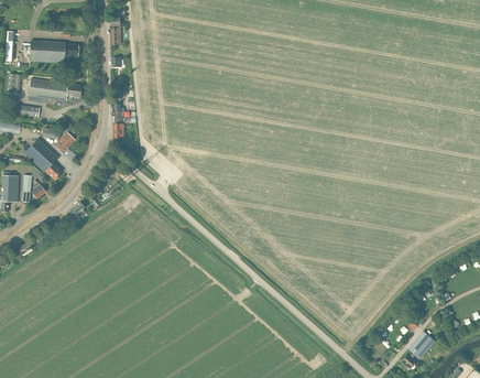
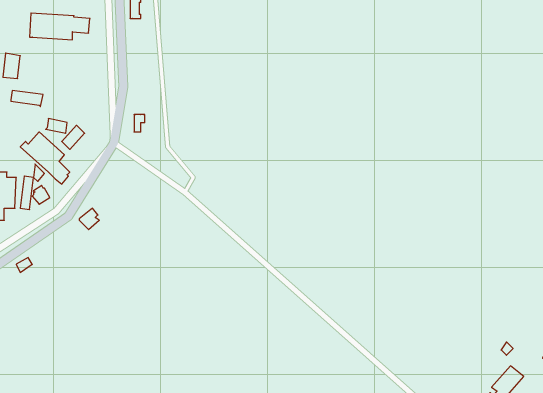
building: [29,78,81,99] -> none

